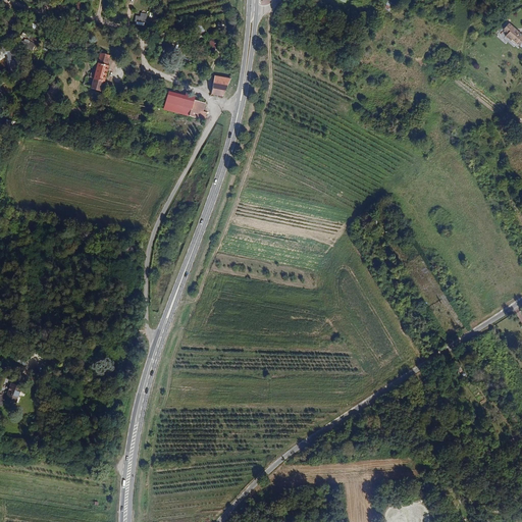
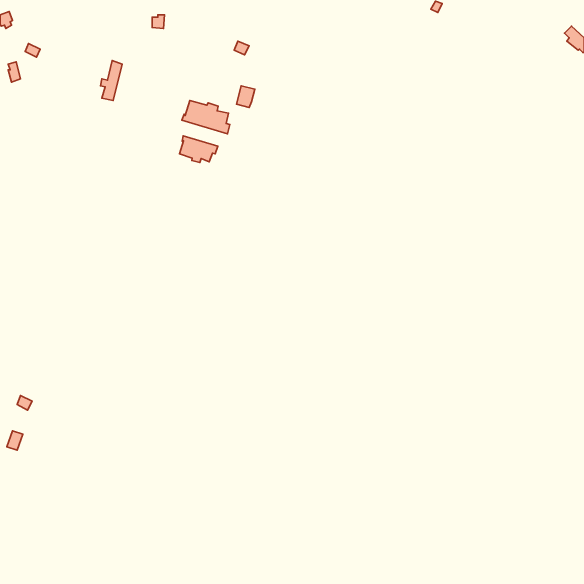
building: none -> [179,136,218,162]

